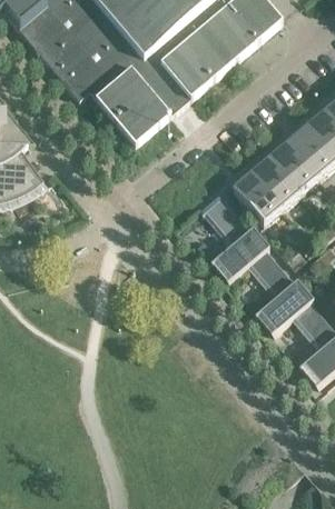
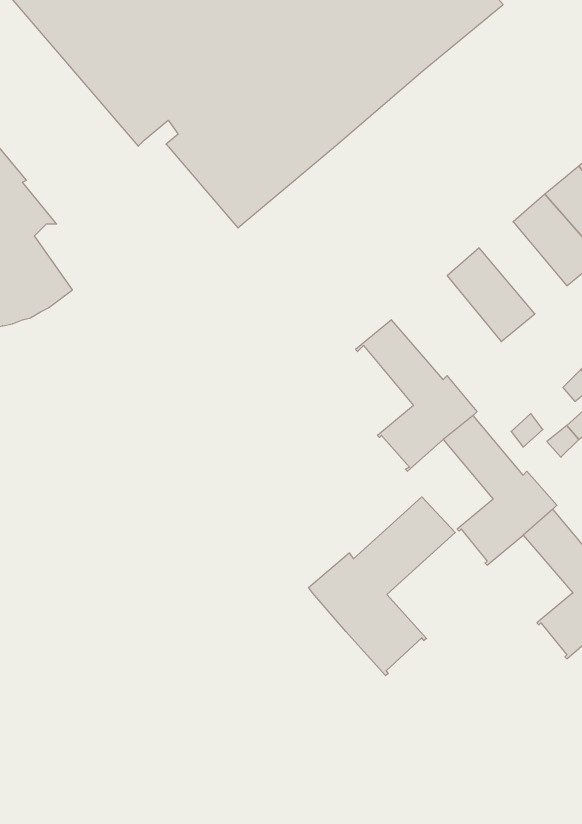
building: [269,140,318,191] -> none
building: [231,170,282,223] -> none
building: none -> [309,497,455,676]

